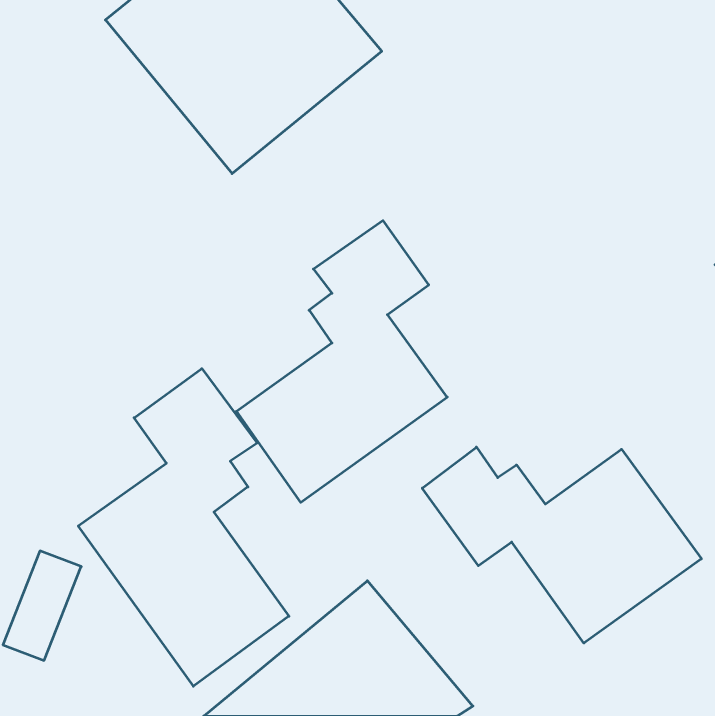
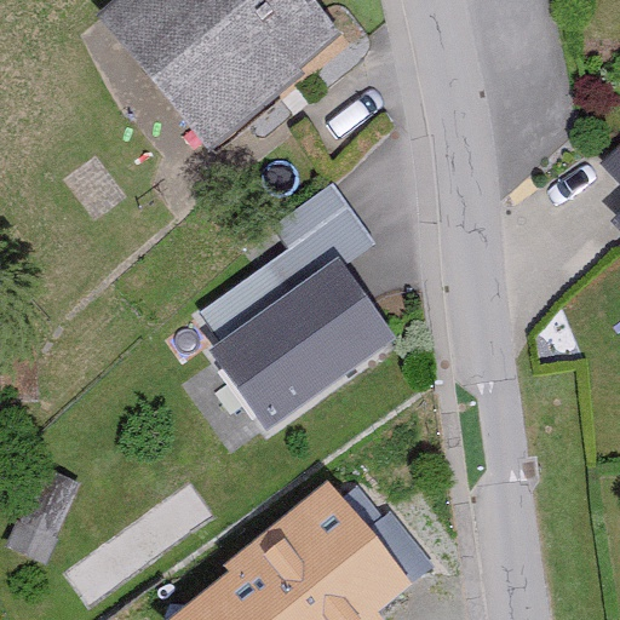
building: [78,369,289,686] -> none
building: [422,447,701,643] -> none

